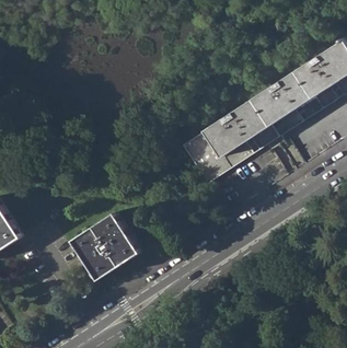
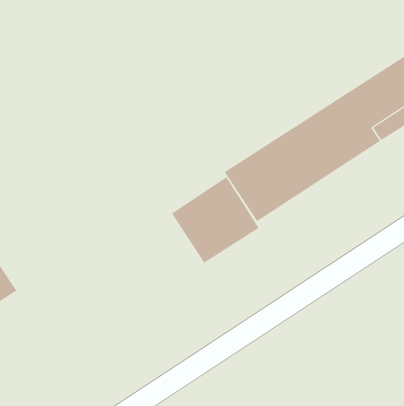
building: [69,213,137,280] -> [171,176,260,263]

